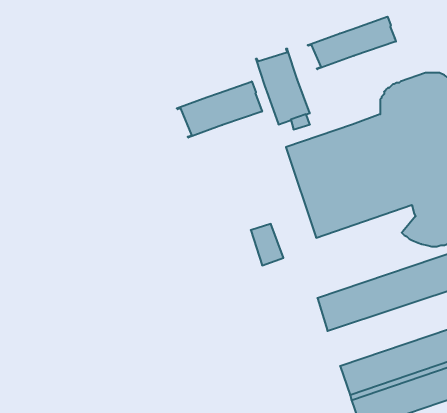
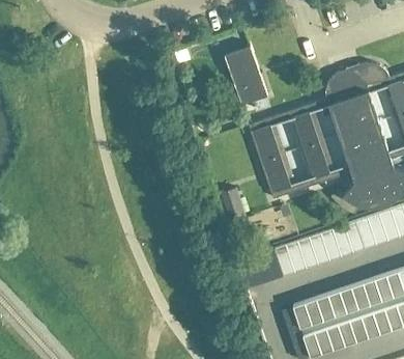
building: [308,17,396,69] -> none
building: [177,81,262,138] -> none

